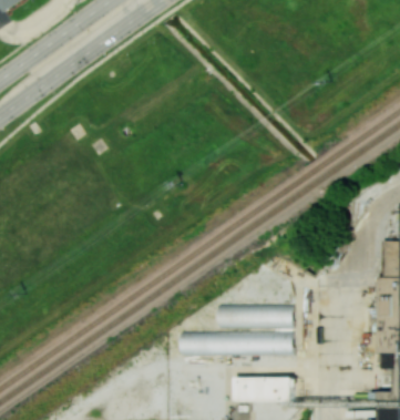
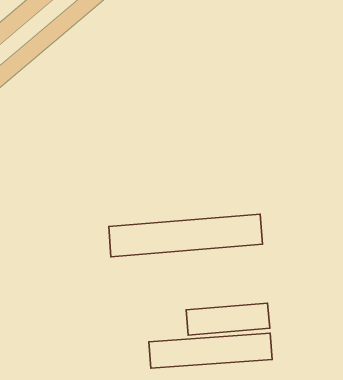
building: none -> [109,214,262,257]

